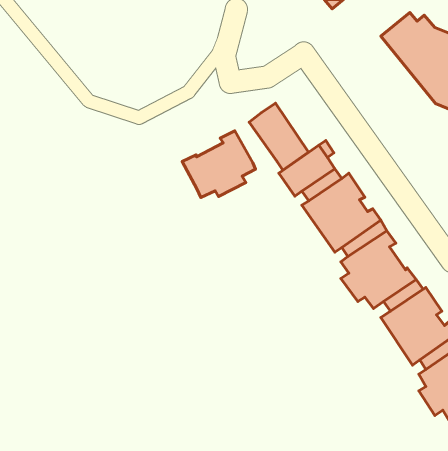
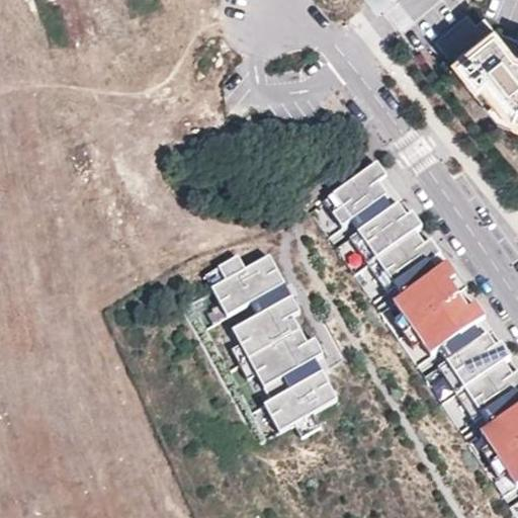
building: [249,103,309,170] -> none
building: [182,131,256,197] -> none
building: none -> [205,255,334,436]

